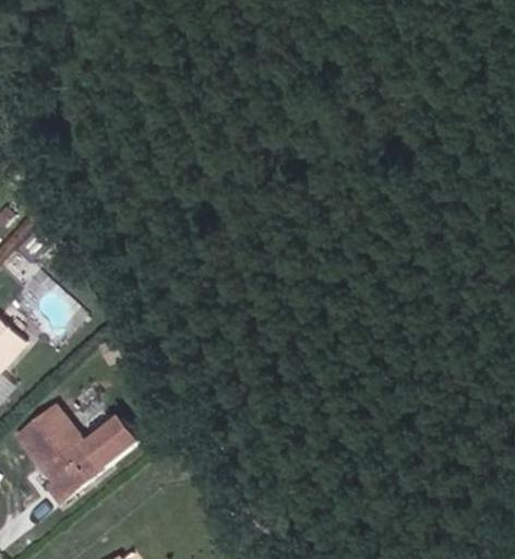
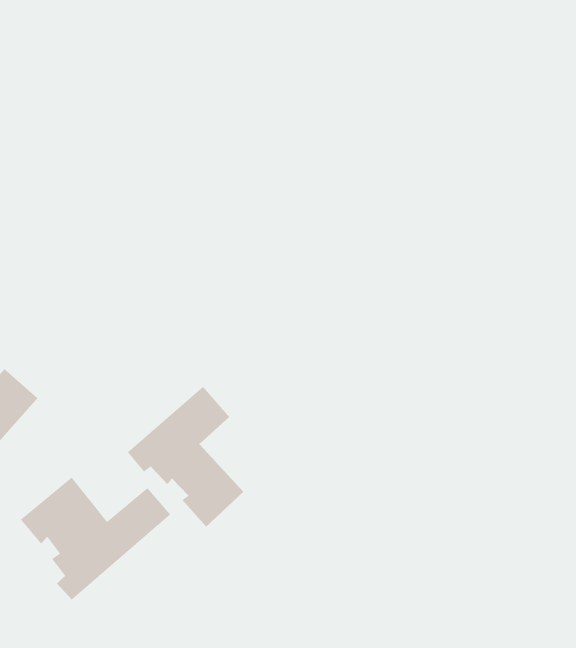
building: none -> [127,386,244,527]

